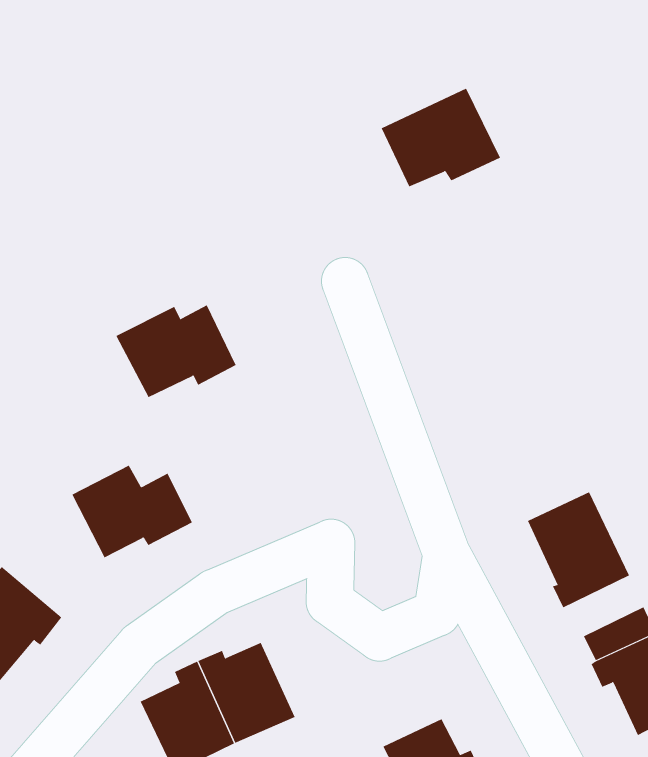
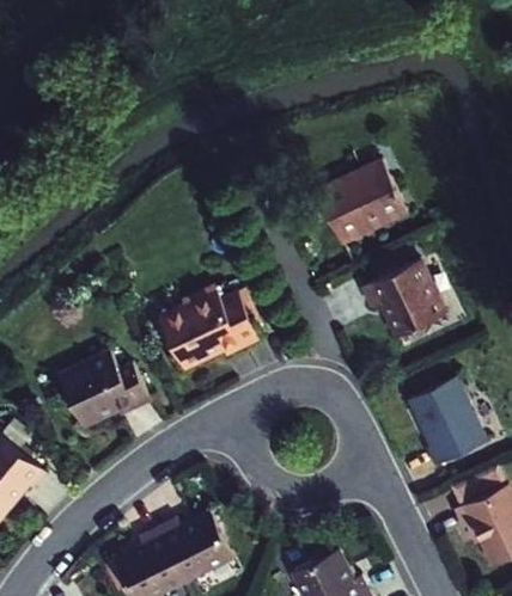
building: [381,88,501,187] -> [318,162,410,239]
building: [115,305,237,398] -> [166,300,260,371]
building: none -> [362,260,445,337]

